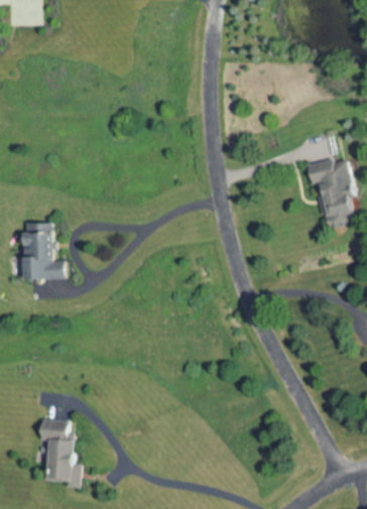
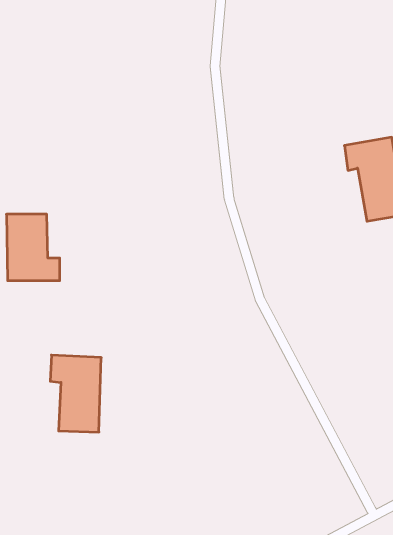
building: [37,418,81,484] -> [50,355,101,432]

